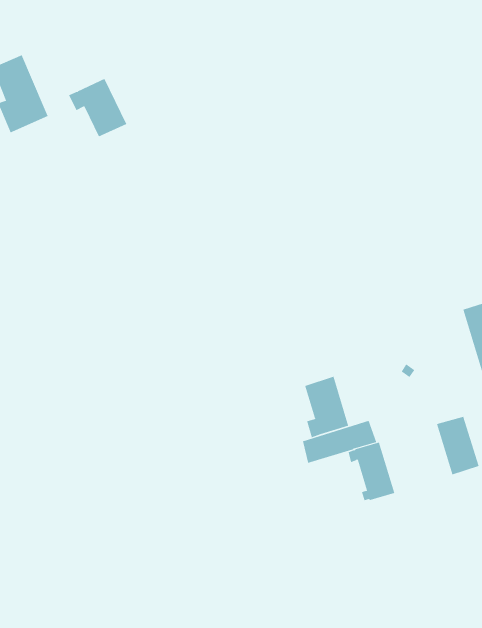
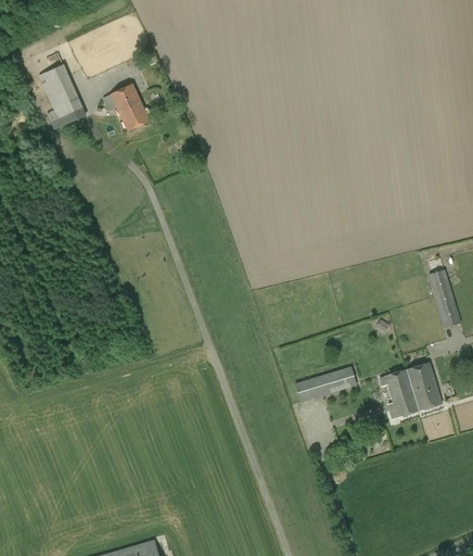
building: [305,376,349,438] -> none
building: [348,442,395,501] -> [380,369,419,418]

